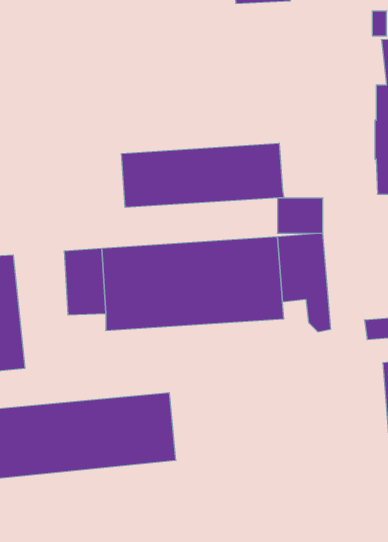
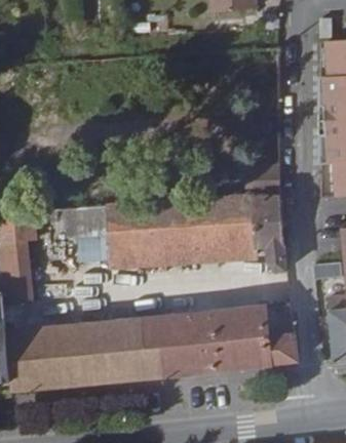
building: [122,143,284,207] -> none
building: none -> [159,307,298,374]

